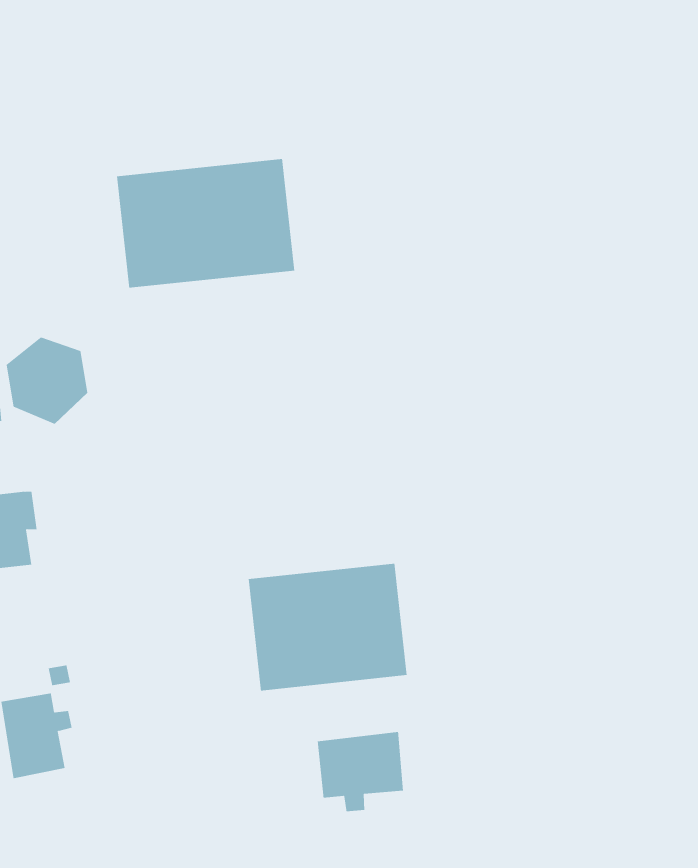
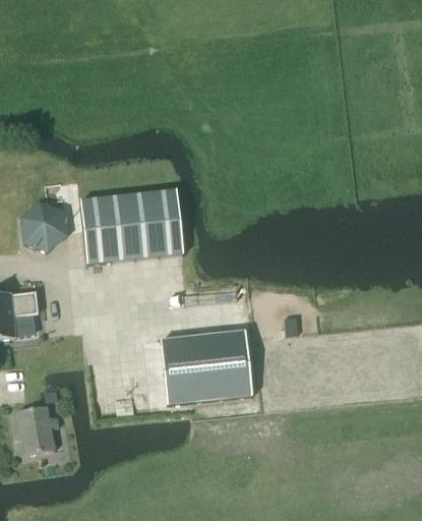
building: [116,159,295,288] -> [80,188,184,264]
building: [317,731,403,812] -> none

